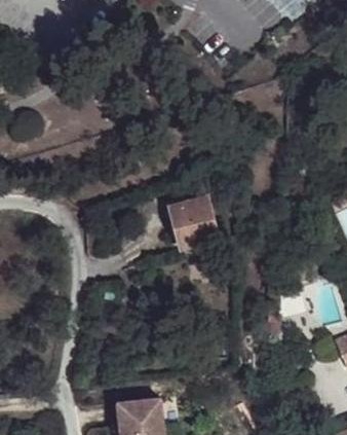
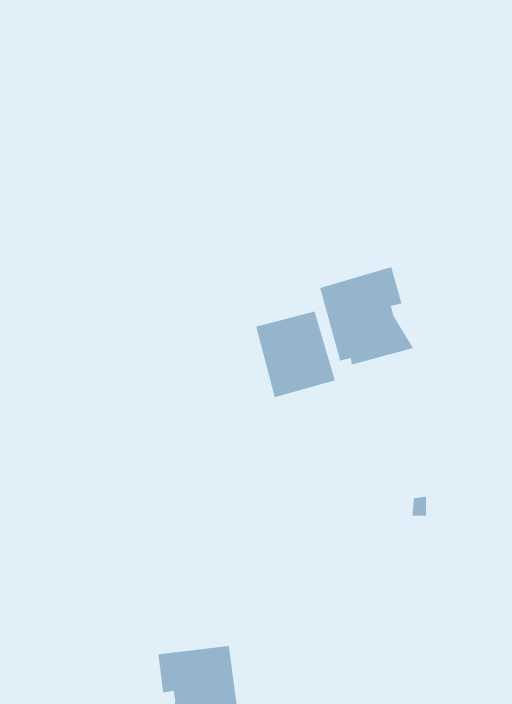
building: none -> [319,266,414,366]

